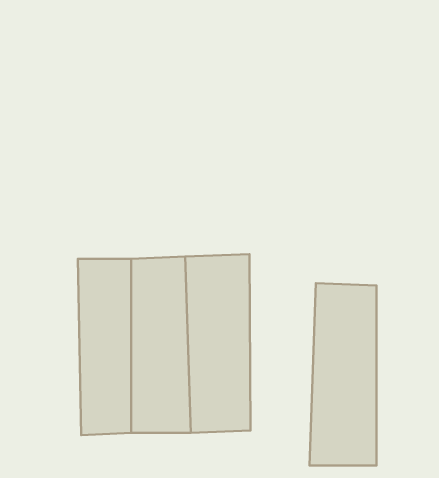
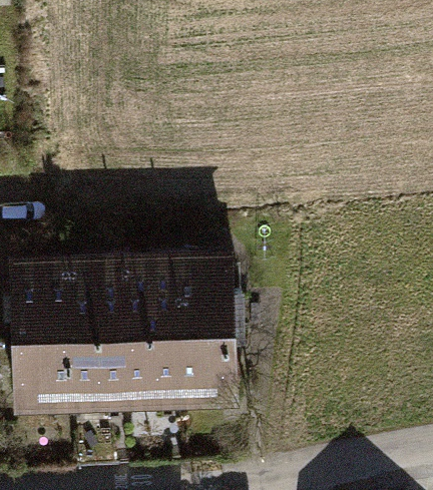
building: none -> [9,254,74,410]
building: [310,283,376,466] -> none

